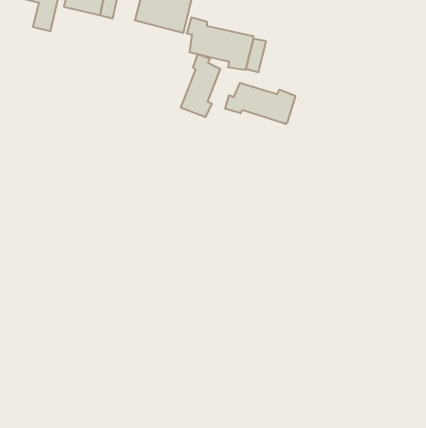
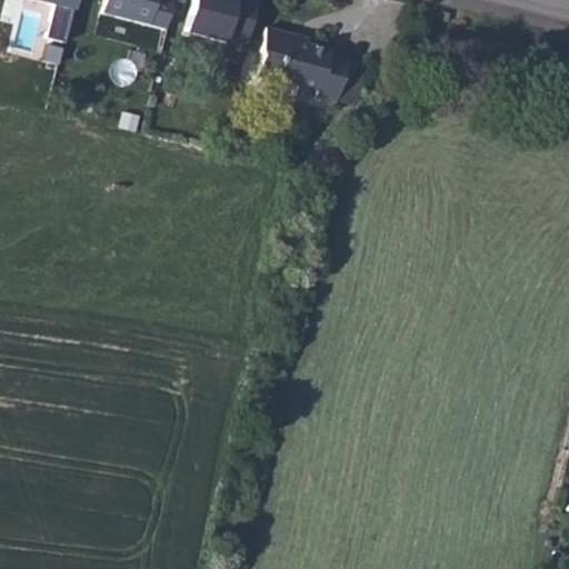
building: [181,54,220,117] -> none
building: [225,83,295,124] -> none

